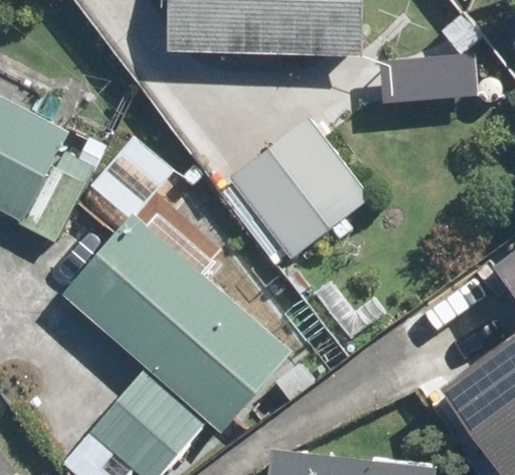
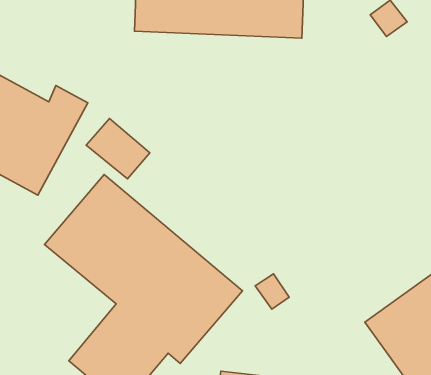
building: [233,121,368,258] -> none

